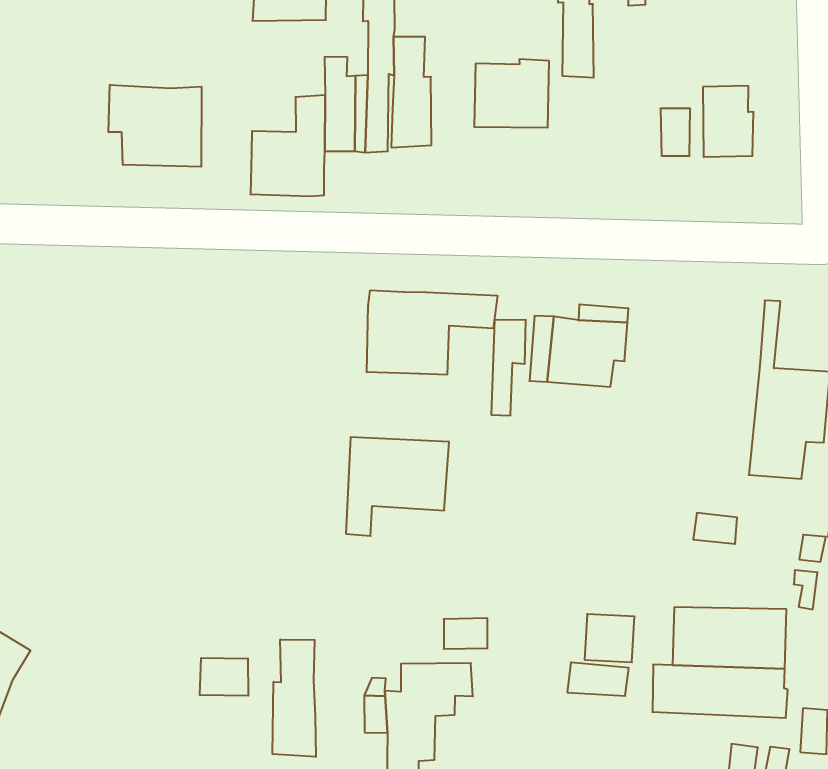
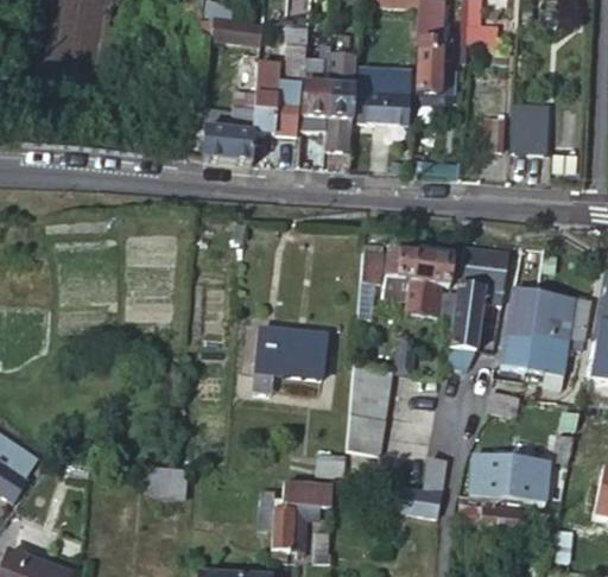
building: none -> [325,51,357,152]
building: [109,85,201,167] -> none
building: [367,290,497,375] -> none
building: none -> [445,248,508,368]
building: none -> [502,289,542,379]
building: none -> [348,362,393,450]
building: [272,639,316,757] -> none

